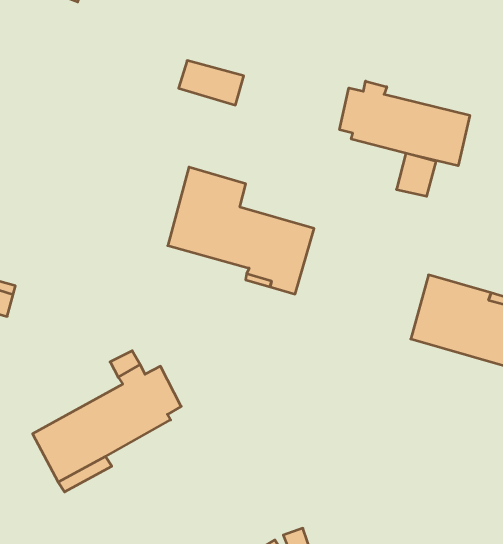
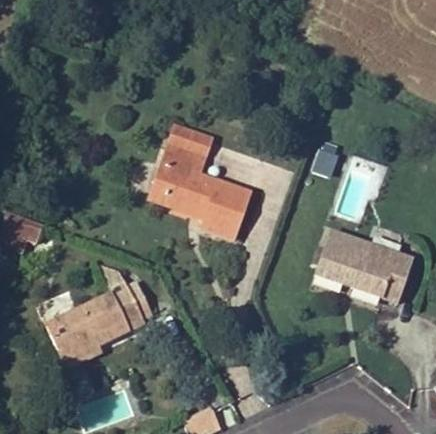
building: [179,61,244,105] -> [166,125,212,158]
building: [340,81,470,166] -> none

